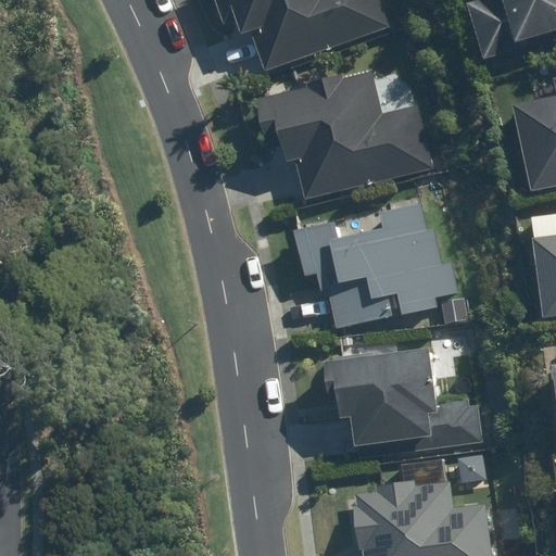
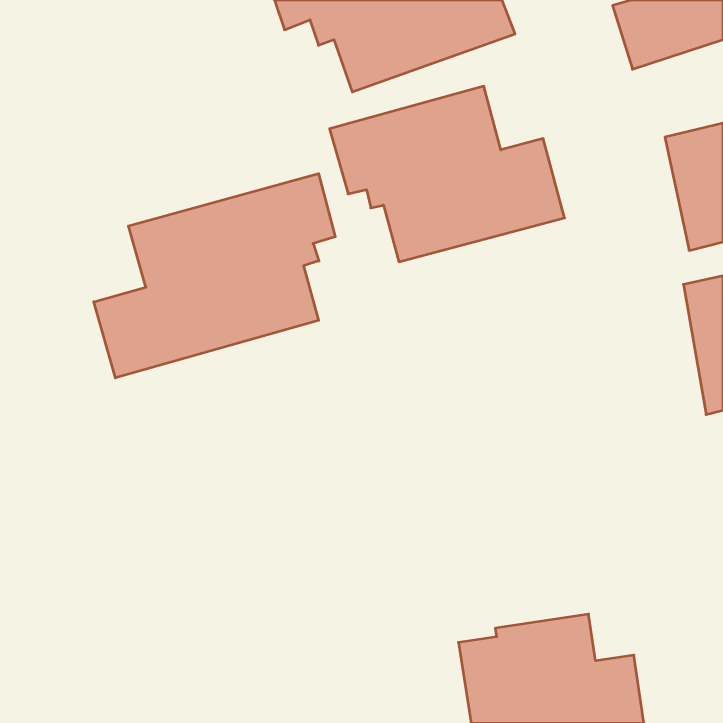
building: none -> [94,174,335,378]
building: [293,202,458,330] -> none
building: [321,348,488,463] -> none

